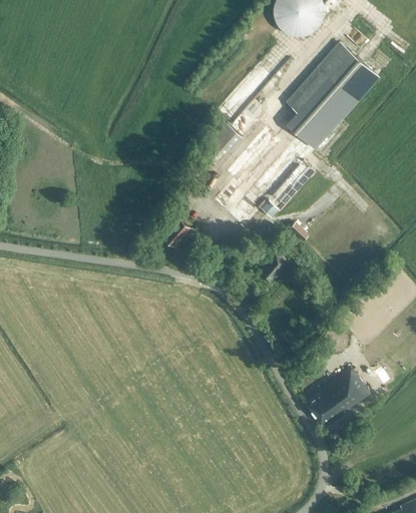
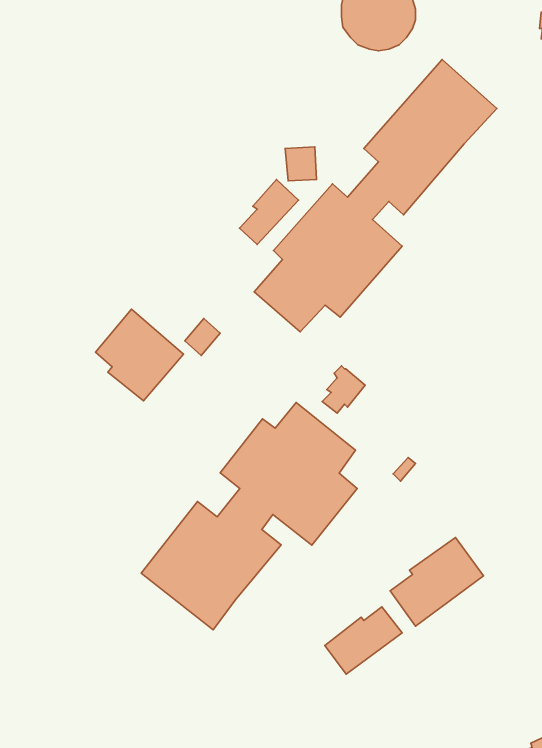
building: none -> [95,309,183,401]
building: none -> [141,402,357,630]
building: none -> [325,607,402,674]

